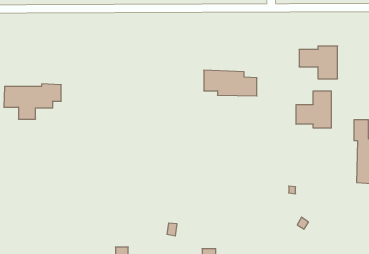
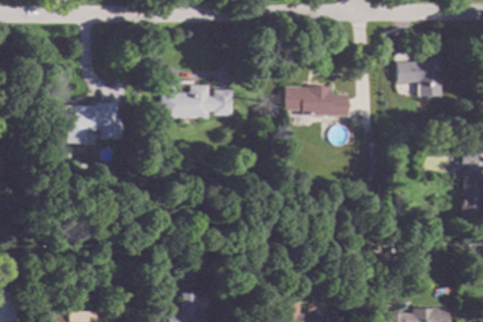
building: none -> [163,82,233,119]
building: [296,91,331,128] -> none

